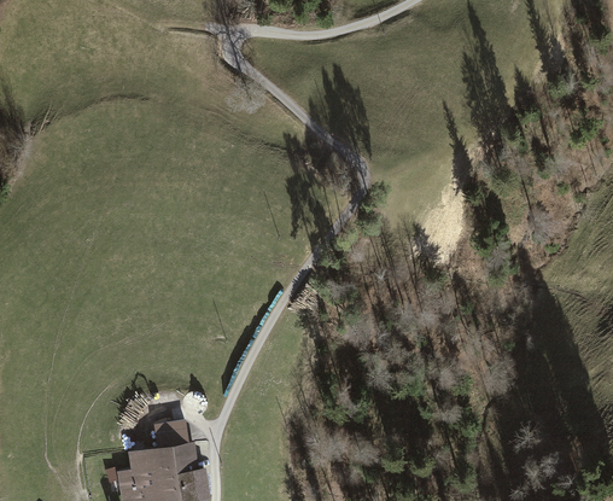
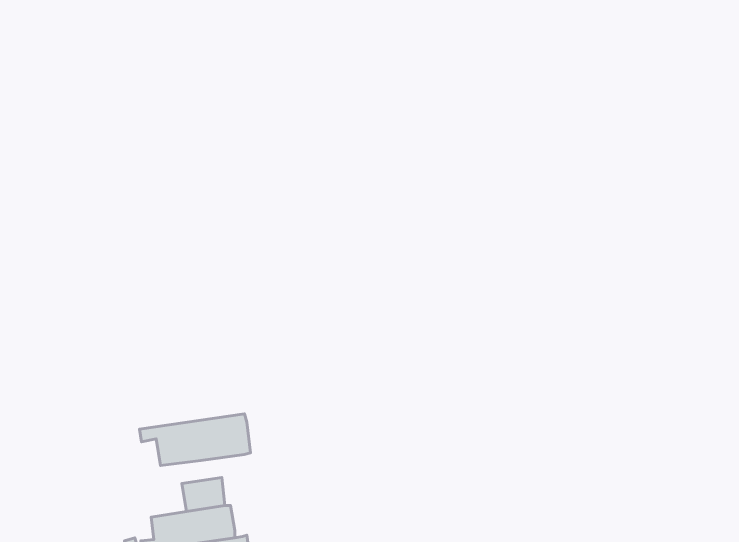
building: none -> [140,414,250,466]

